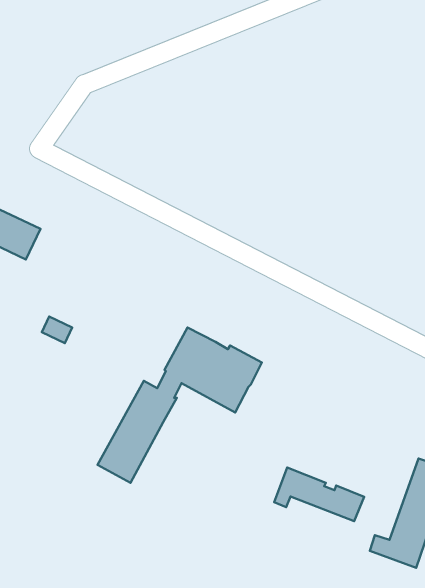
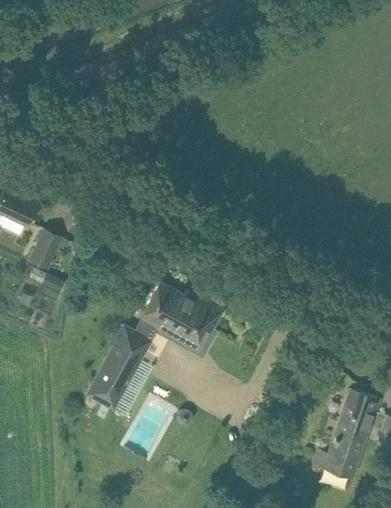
building: none -> [30,229,63,269]
building: [274,467,364,521] -> none

